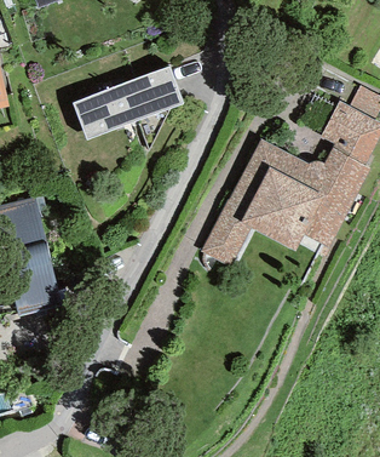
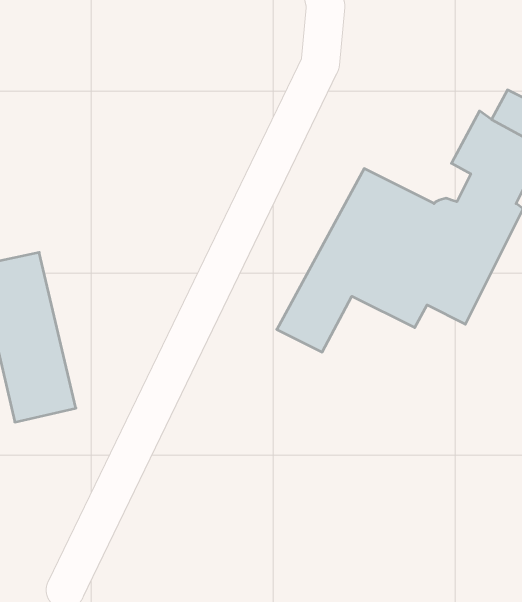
building: [73,65,184,139] -> none

